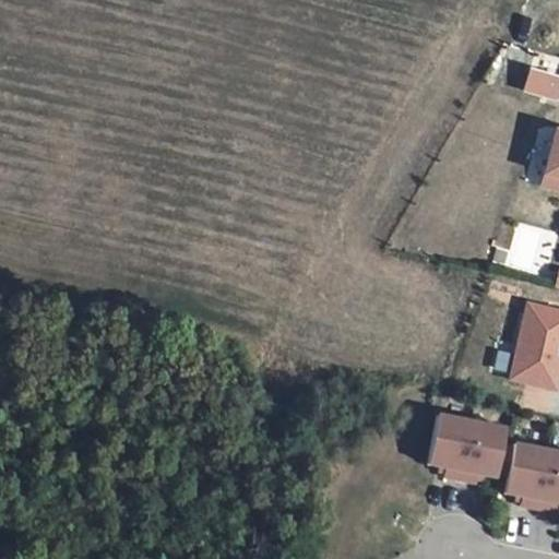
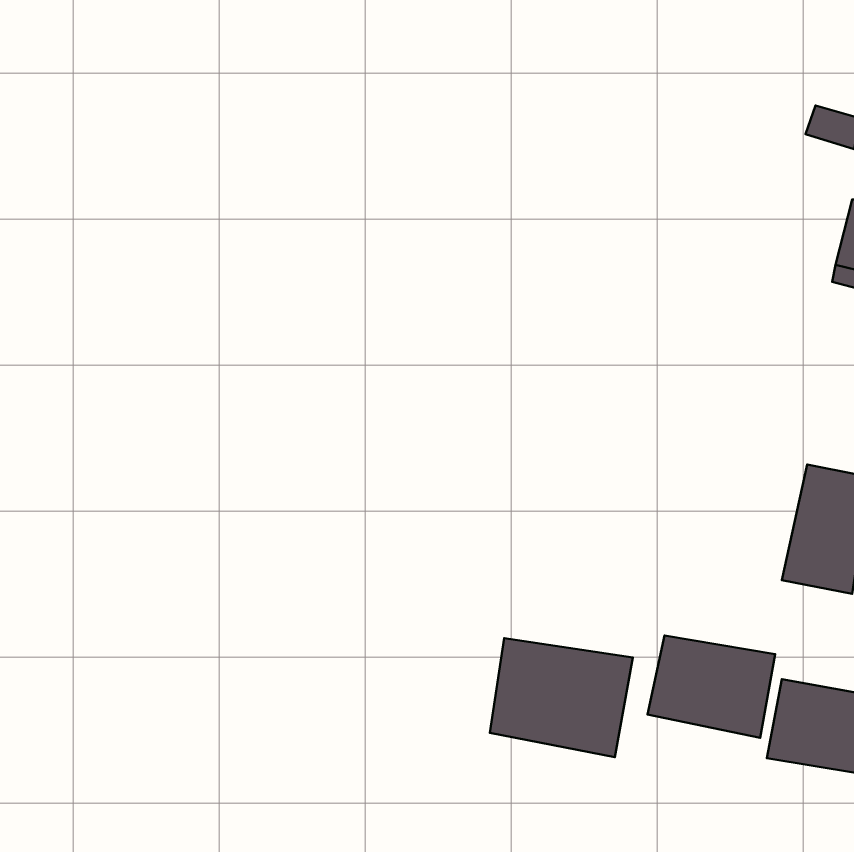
building: none -> [490,638,633,757]

